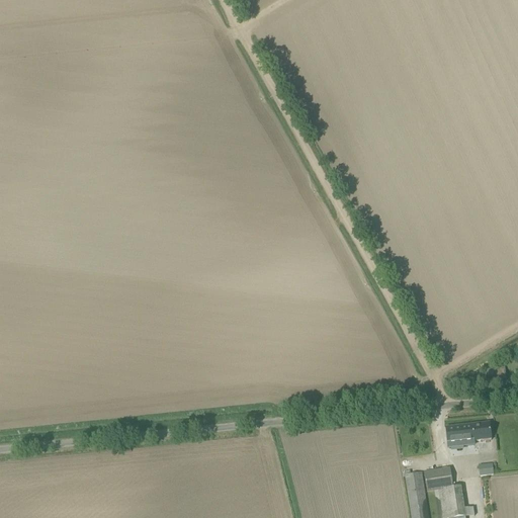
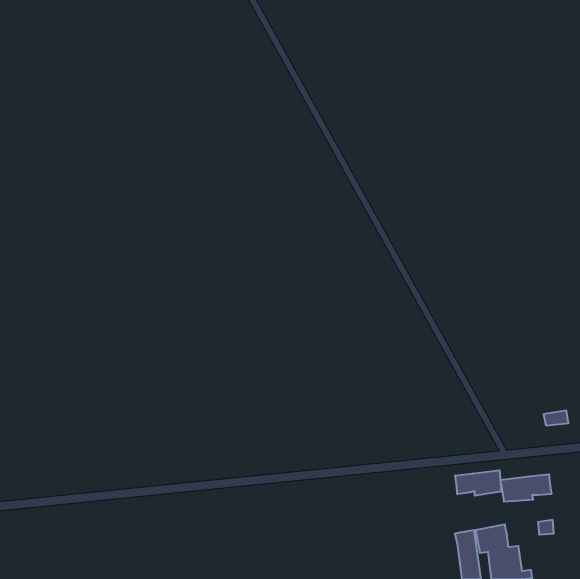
building: none -> [455,470,501,496]

